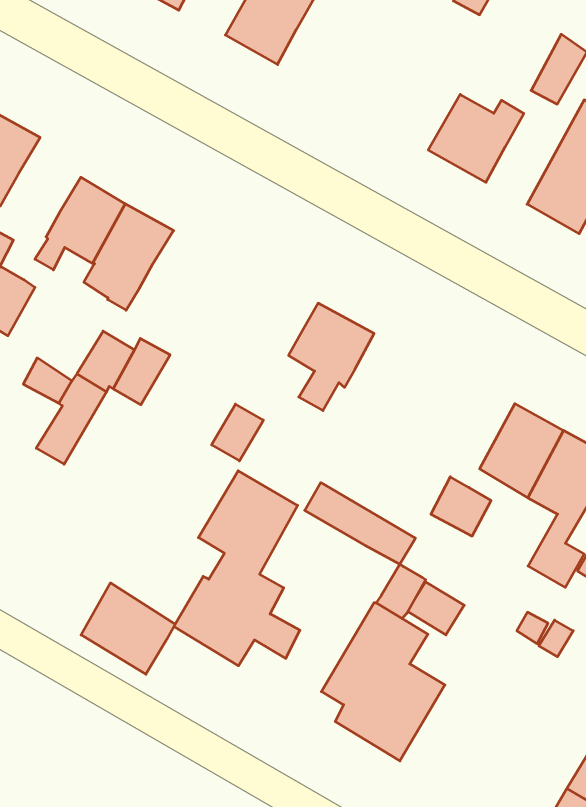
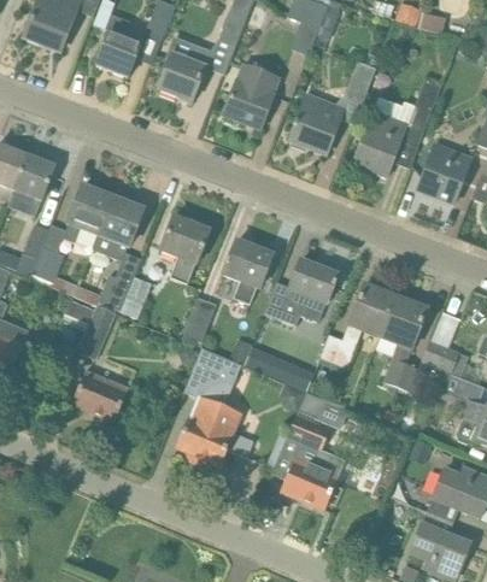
building: none -> [224,64,278,127]
building: none -> [160,214,210,283]
building: none -> [266,259,338,321]
building: [81,583,175,674] -> [72,369,128,421]

